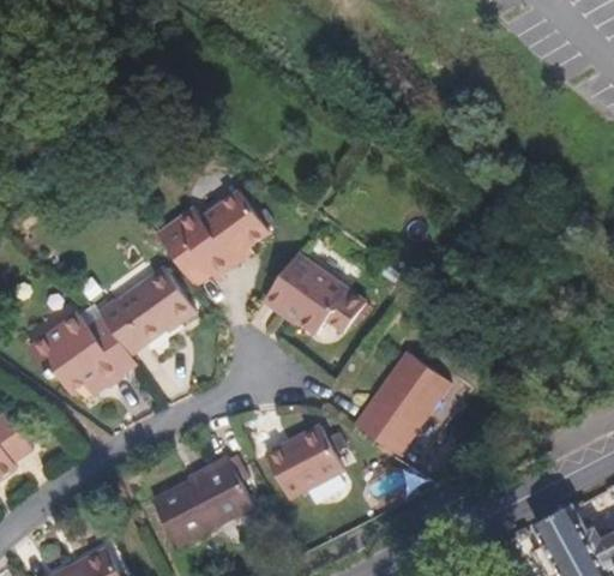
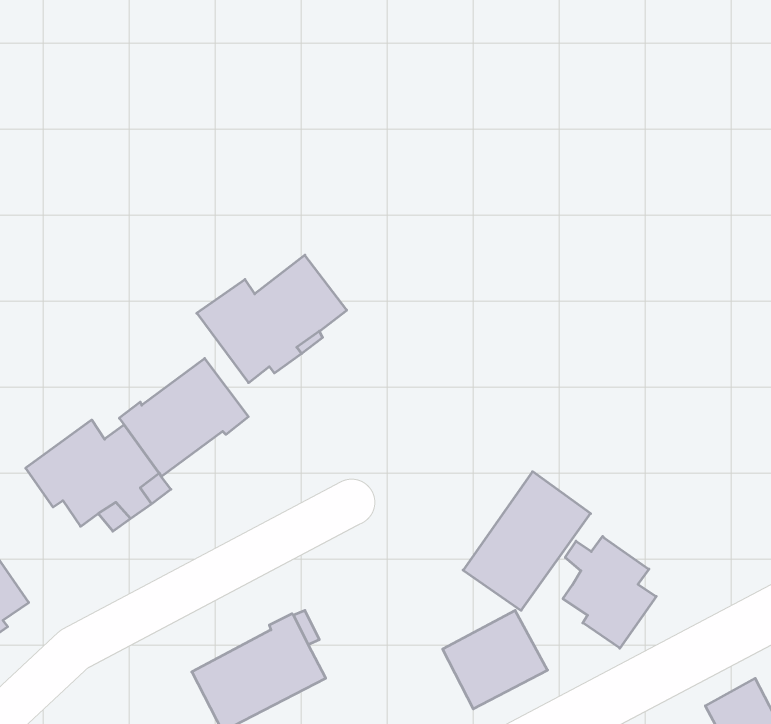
building: [265,253,365,334] -> none
building: none -> [563,536,656,648]
building: [266,425,344,498] -> [443,610,548,709]

